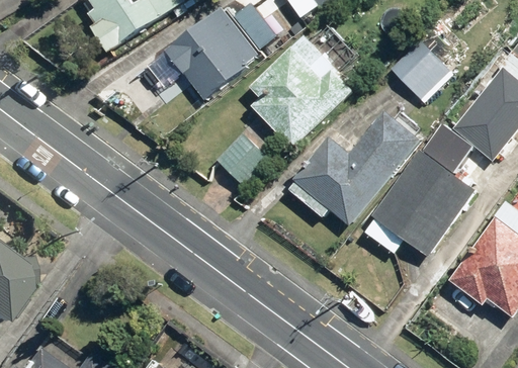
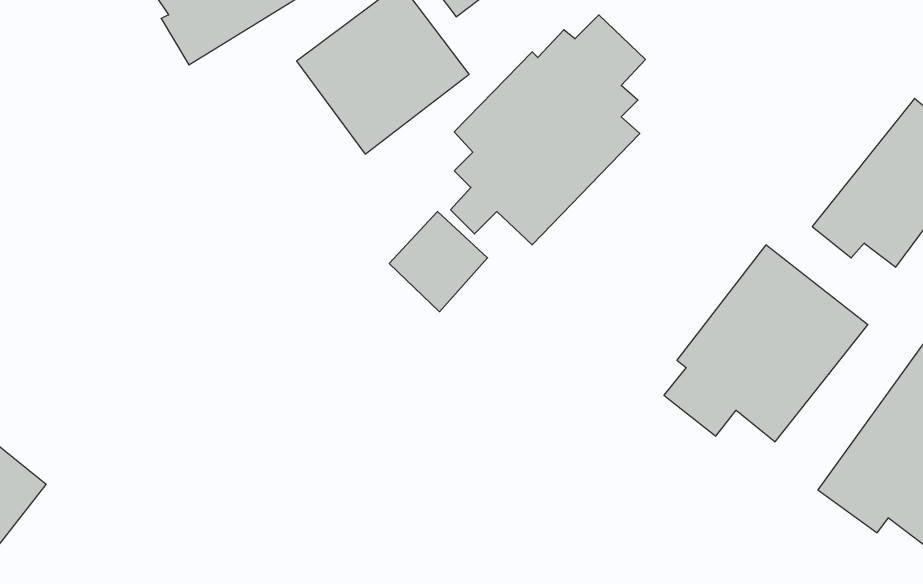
building: [390,40,446,97] -> none
building: [287,109,419,226] -> none

